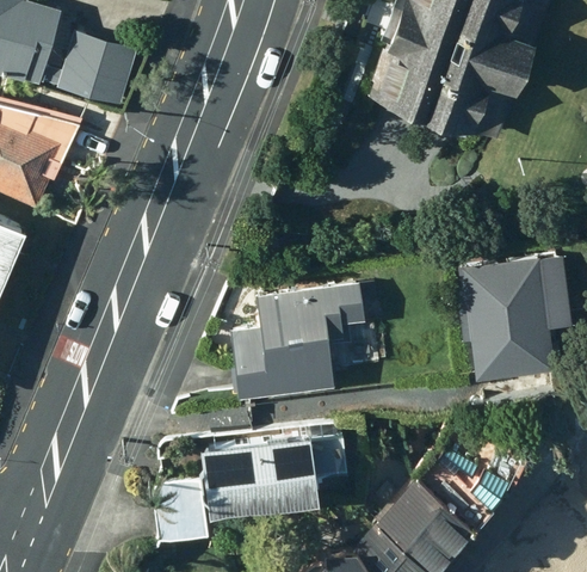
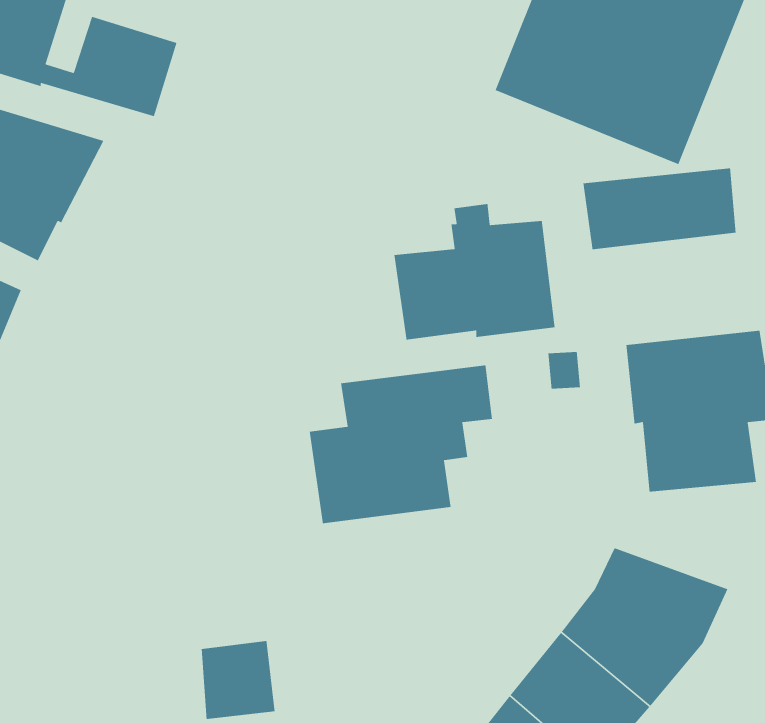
building: none -> [583,167,737,250]
building: none -> [394,203,555,341]
building: [205,437,346,505] -> none

